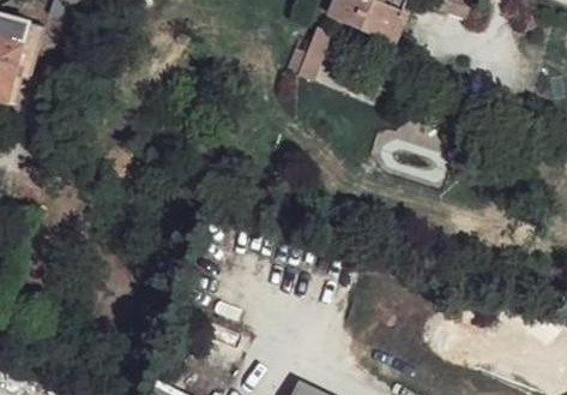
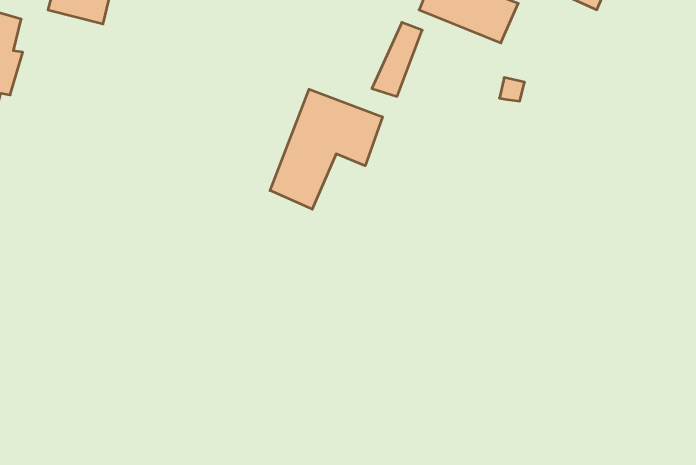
building: none -> [270,89,382,209]

